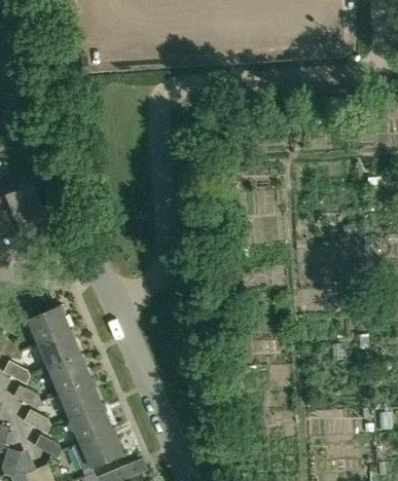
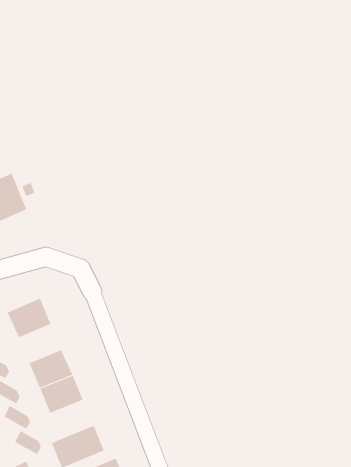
building: [38,330,80,368] -> none
building: [69,404,112,442] -> none

